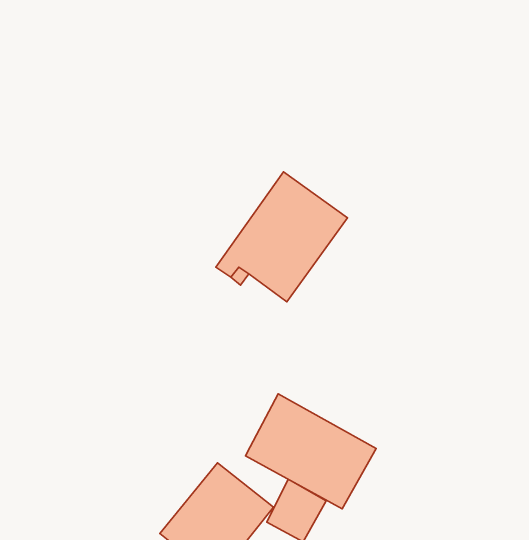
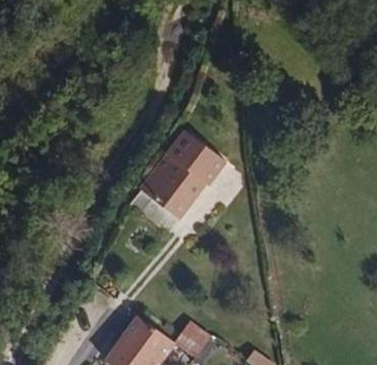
building: [245,394,376,509] -> none

